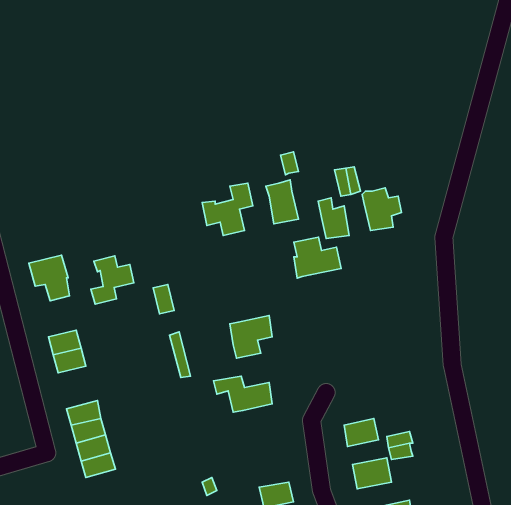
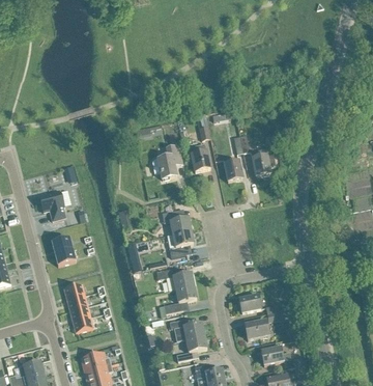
building: [294,237,341,278] -> [162,209,192,235]
building: [91,256,134,304] -> none
building: none -> [164,284,197,311]
building: none -> [170,318,204,339]

